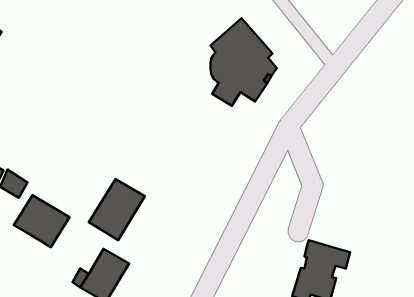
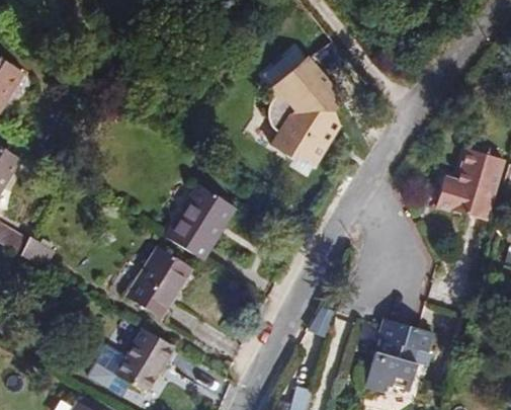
building: none -> [436,152,503,222]
building: none -> [165,184,234,260]
building: [14,195,70,247] -> none

